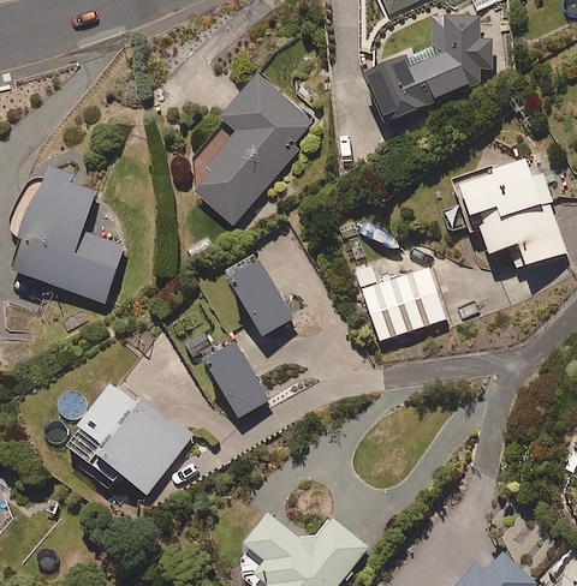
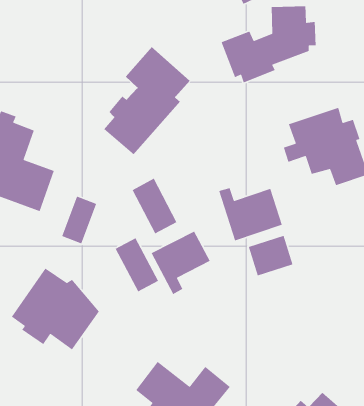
building: none -> [61,195,97,245]
building: none -> [151,230,211,295]
building: none -> [248,235,294,277]

